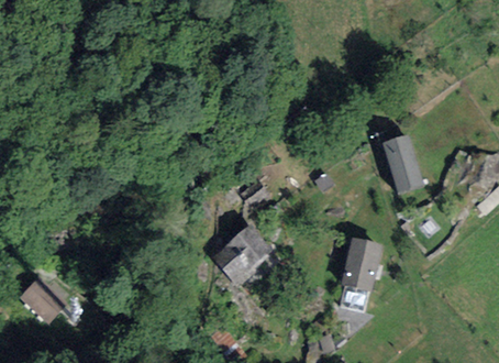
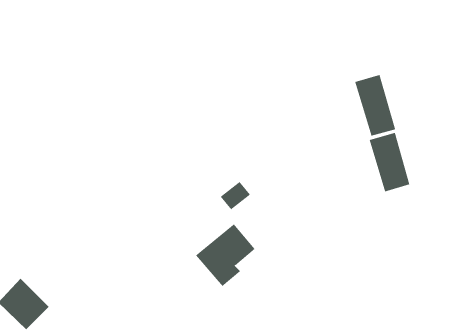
building: none -> [354,74,396,137]
building: [341,237,381,290] -> none

